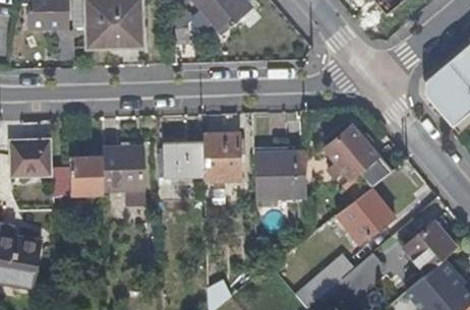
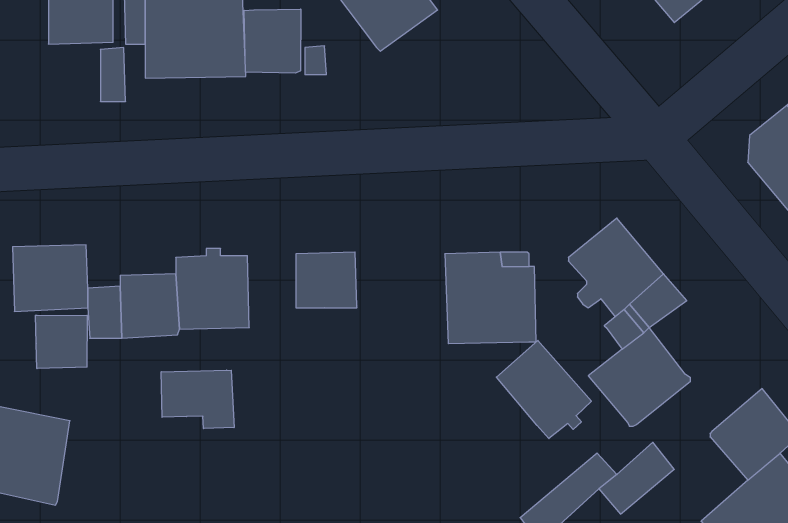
building: none -> [244,9,301,73]
building: [203,133,240,179] -> none
building: none -> [35,315,87,369]
building: none -> [496,340,591,439]
building: none -> [161,370,234,429]

